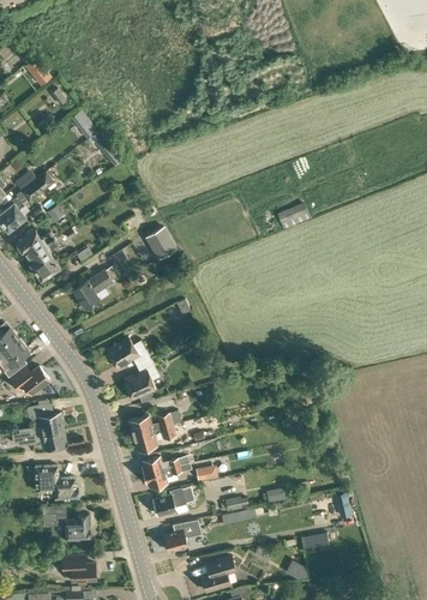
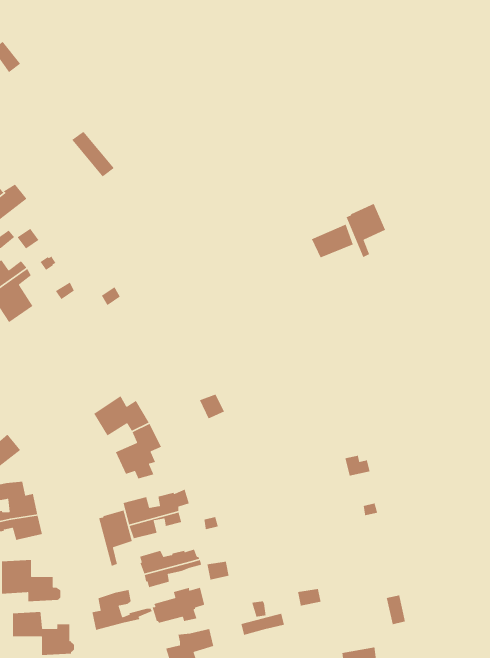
building: none -> [345,203,386,258]
building: [144,227,175,259] -> none
building: [72,269,113,307] -> none
building: none -> [98,509,133,567]
building: none -> [92,589,153,631]

